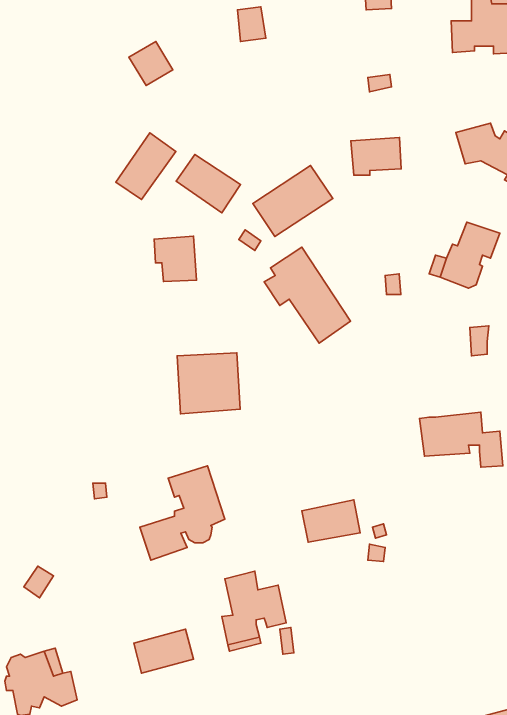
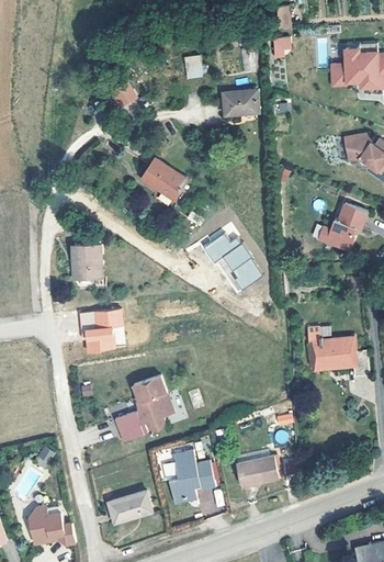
building: [116,133,176,200] -> none
building: [351,138,401,175] -> [223,90,258,116]
building: [253,165,333,237] -> none
building: [154,236,196,282] -> [72,244,102,276]
building: [177,353,240,414] -> [79,310,123,352]
building: [302,500,360,542] -> [237,454,278,484]

